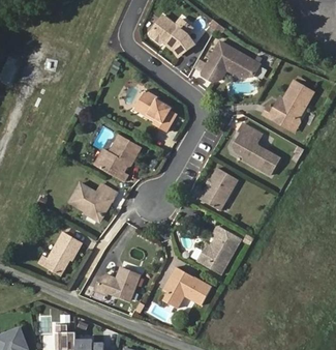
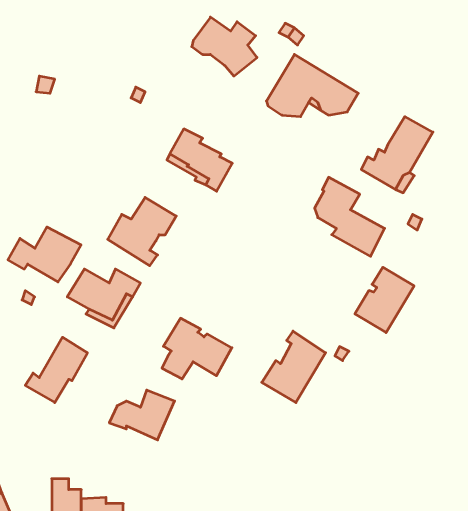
building: none -> [8,227,81,282]
building: [198,168,238,211] -> [355,267,414,333]
building: [163,267,210,308] -> [162,318,232,379]

